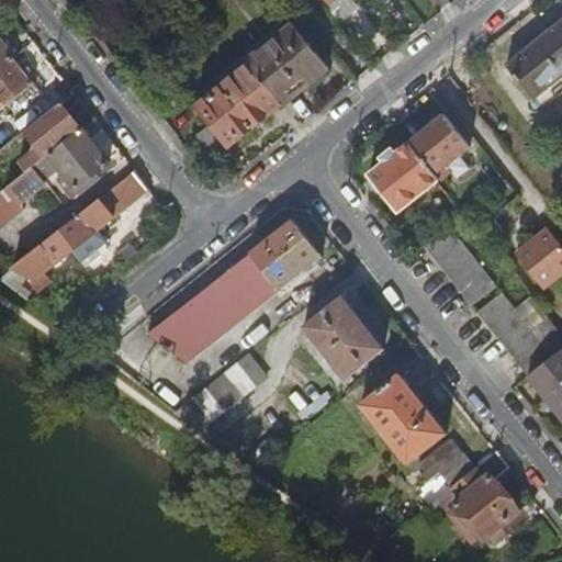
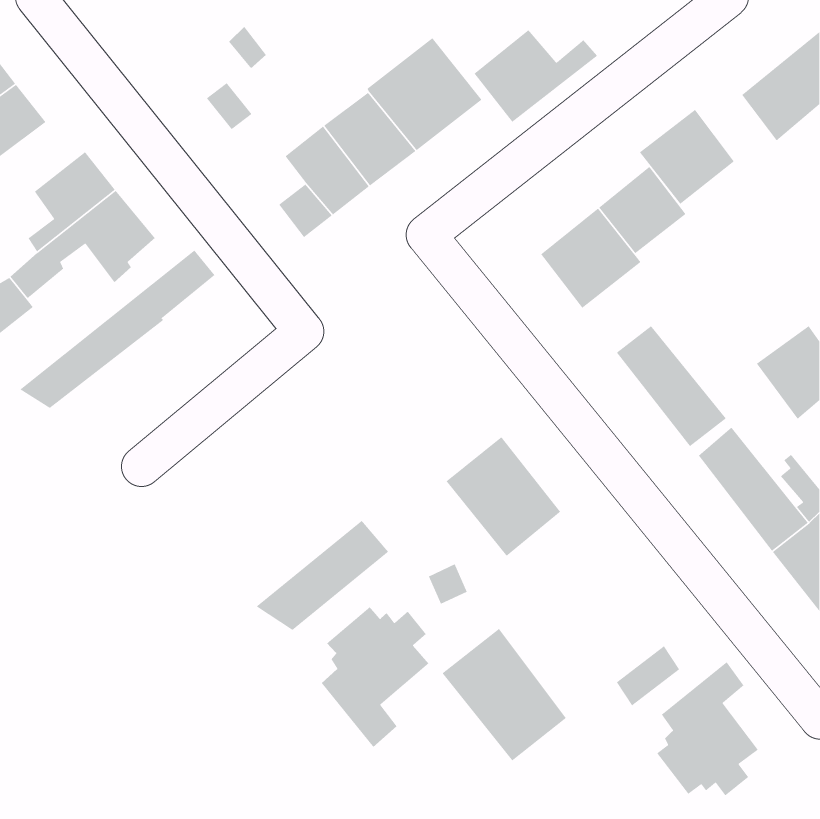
building: none -> [473,29,598,123]
building: none -> [639,109,735,205]
building: [148,218,319,361] -> none
building: [361,374,447,465] -> [441,628,567,762]
building: none -> [321,606,429,748]

